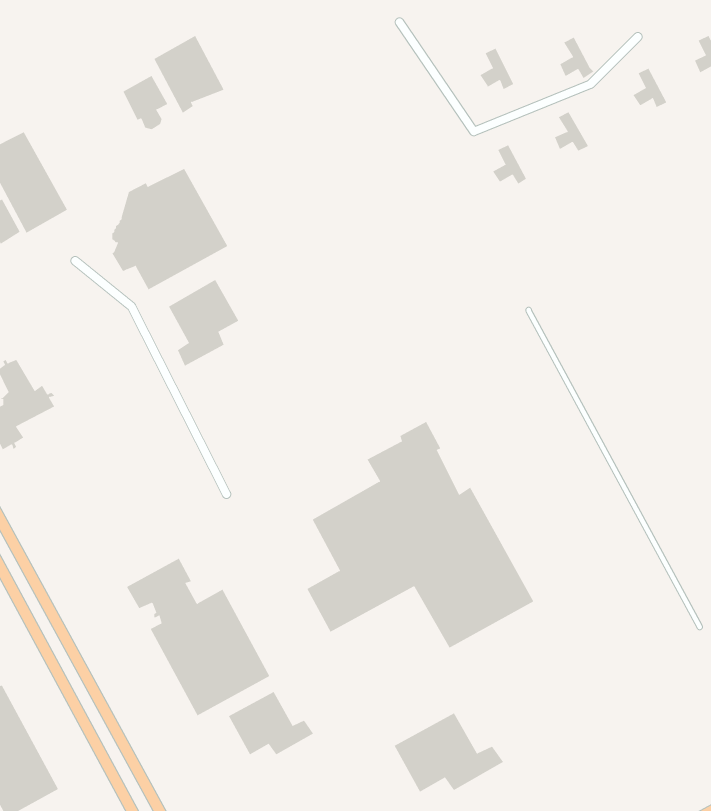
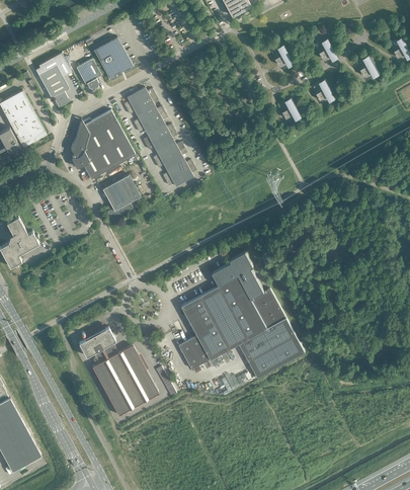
building: none -> [38,66,69,108]
building: none -> [124,87,195,186]
building: [228,691,314,755] -> none
building: [394,713,504,792] -> none

